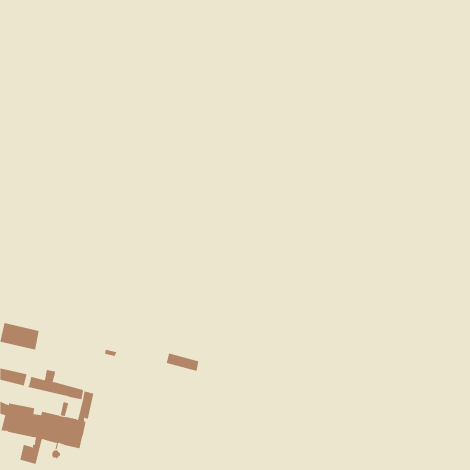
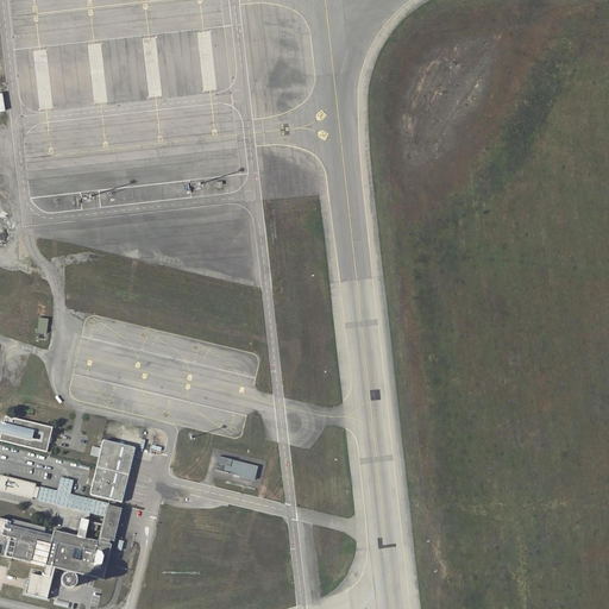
building: none -> [87,438,134,503]

